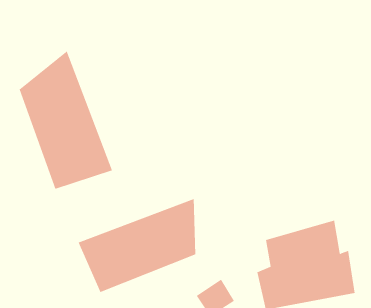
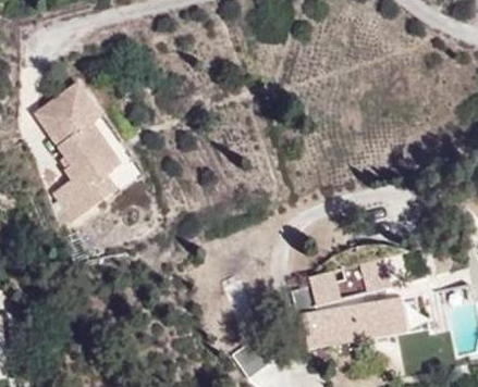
building: [78,198,196,293] -> none

